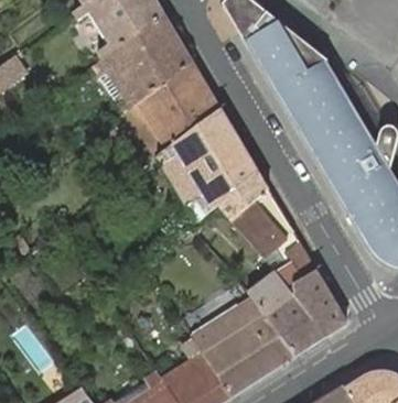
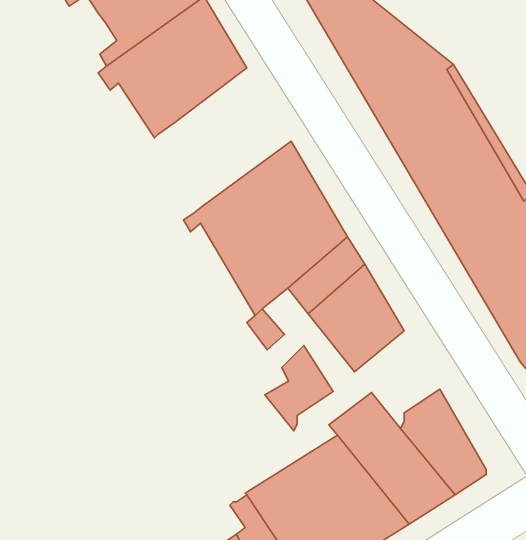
building: [122,59,220,159] -> none
building: [272,237,316,292] -> [265,345,333,431]

